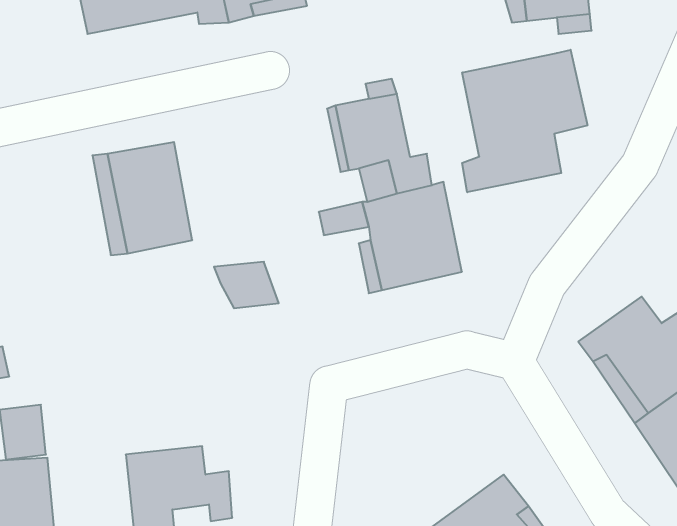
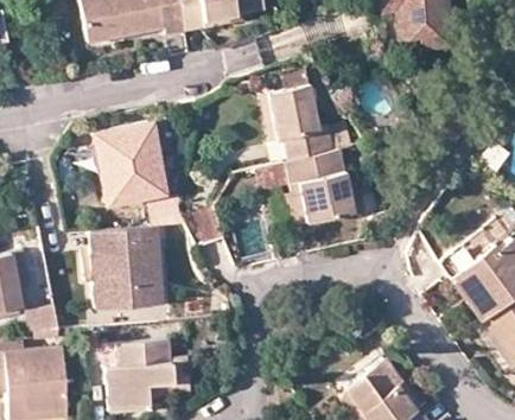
building: [462,50,587,192] -> none
building: none -> [91,224,166,308]

